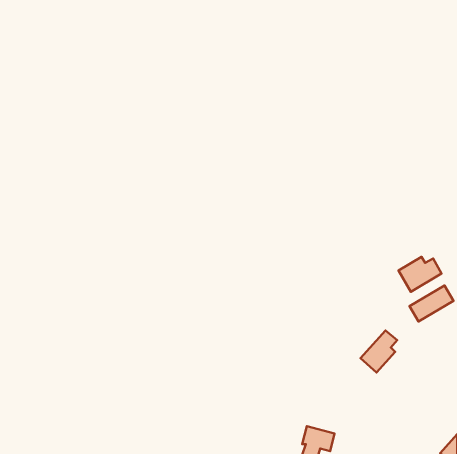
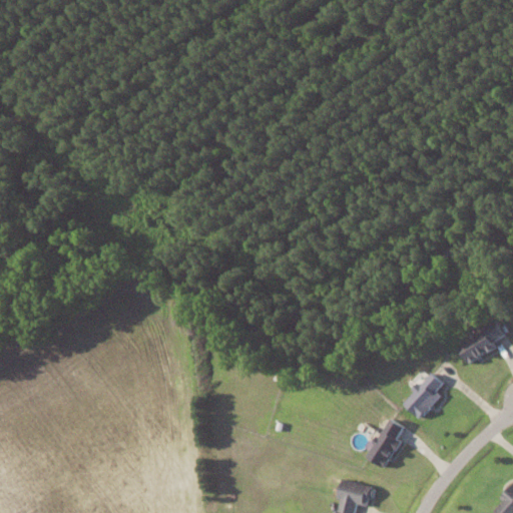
building: [399,257,442,292] -> none
building: none -> [368,420,406,470]

